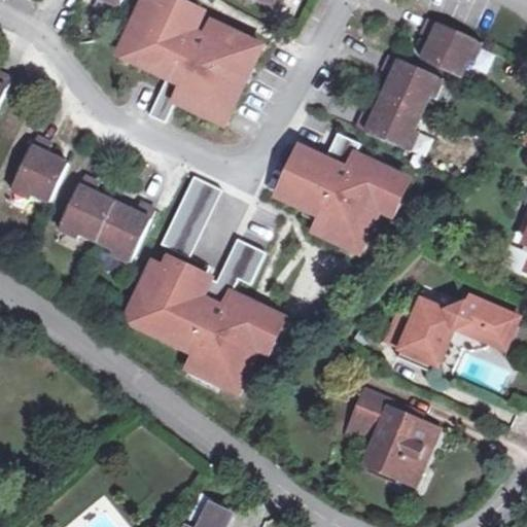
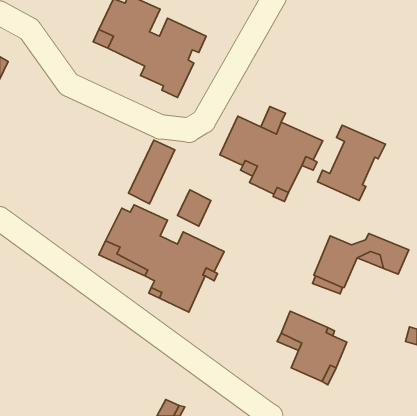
building: [420,17,481,75] -> none
building: [356,54,442,148] -> [318,125,385,201]
building: [12,136,68,200] -> none
building: [59,175,154,261] -> none

